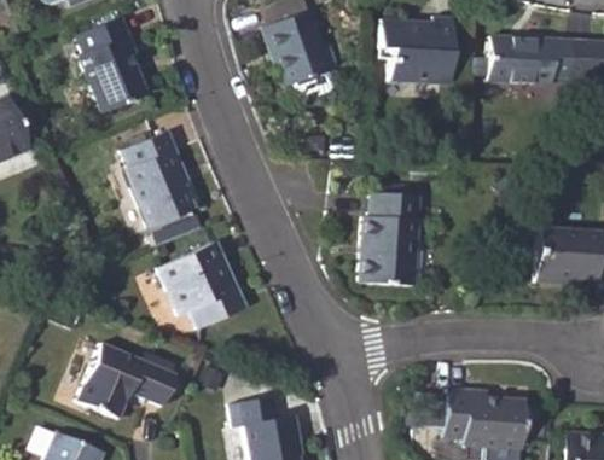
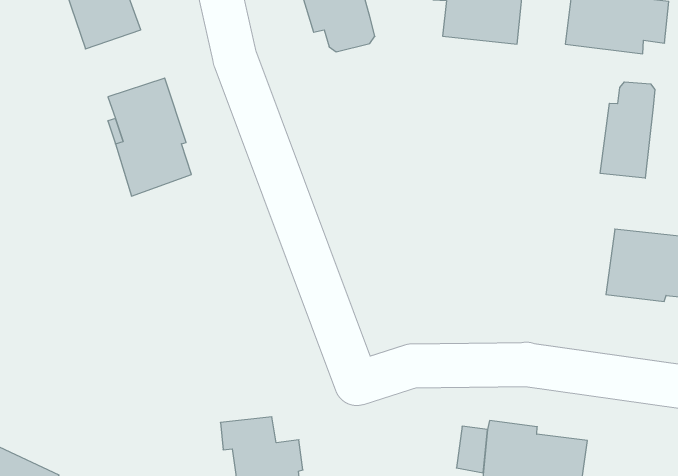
building: none -> [600,82,655,178]
building: [359,193,422,287] -> none
building: [158,243,239,325] -> none
building: [79,347,178,419] -> none

